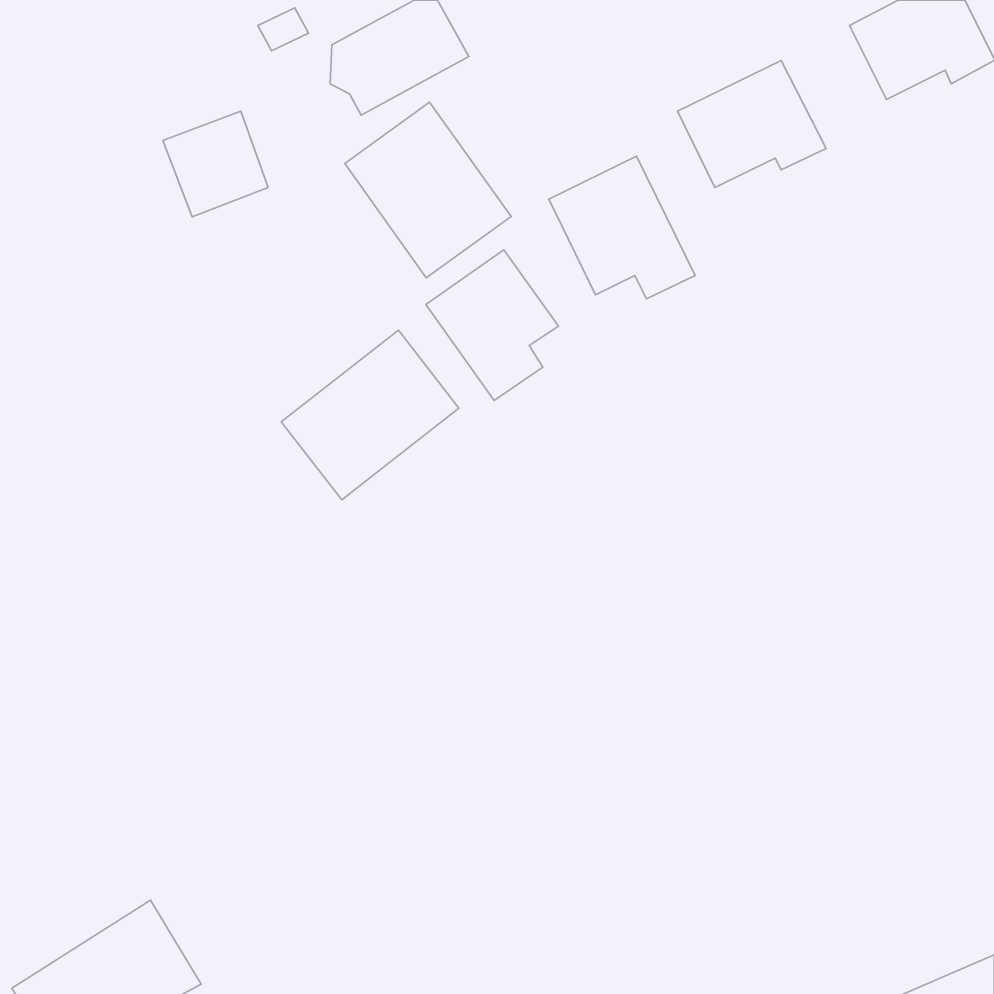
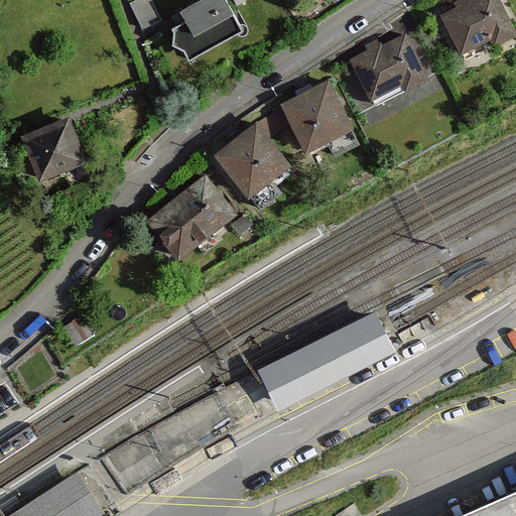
building: [345,102,511,278] -> none
building: [163,111,268,217] -> [24,121,79,175]
building: none -> [257,308,396,409]

